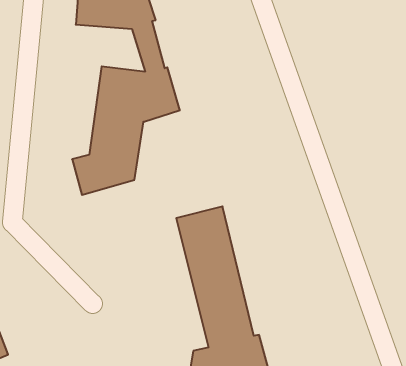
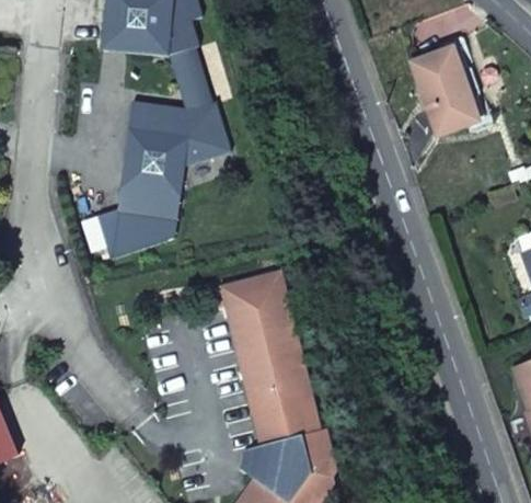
building: none -> [411,47,478,134]

